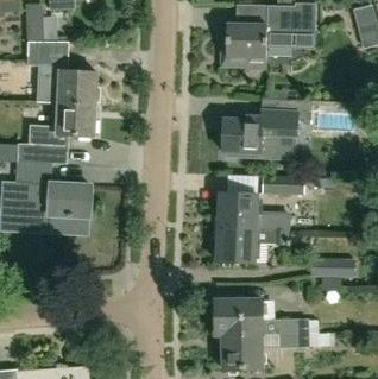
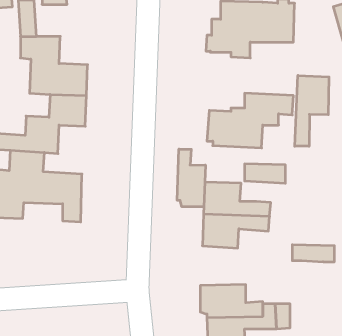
building: none -> [295,75,329,146]
building: none -> [177,149,205,207]

